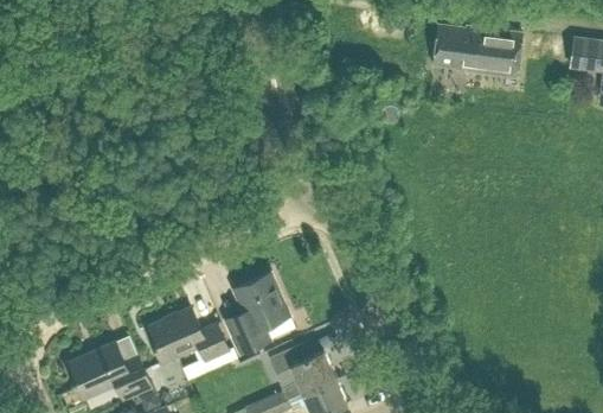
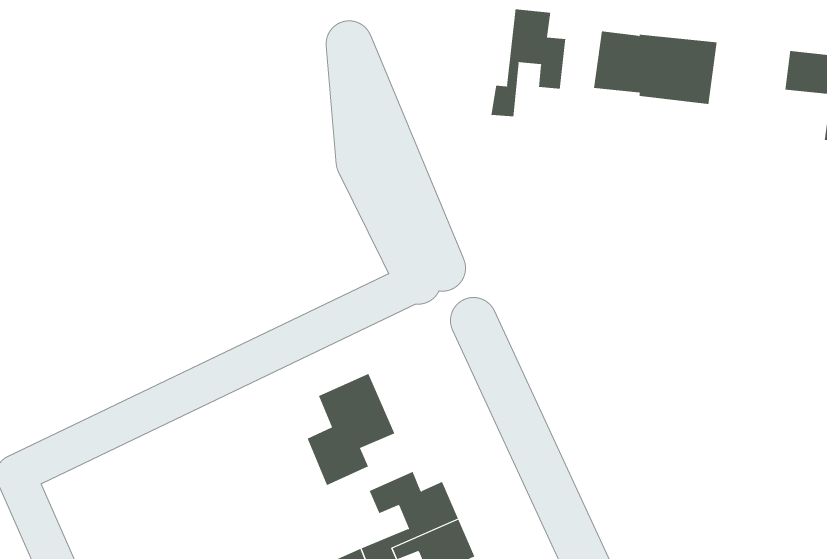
building: none -> [491,8,566,117]
building: [146,309,232,380] -> none
building: [65,343,152,400] -> none

